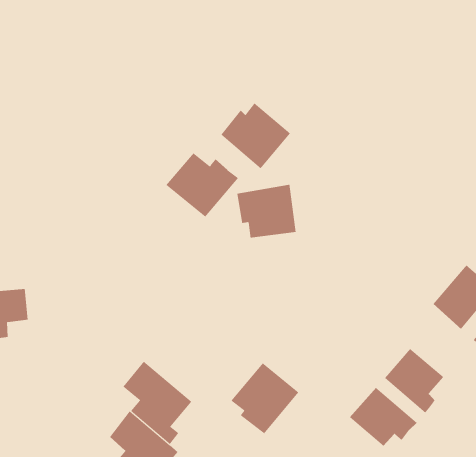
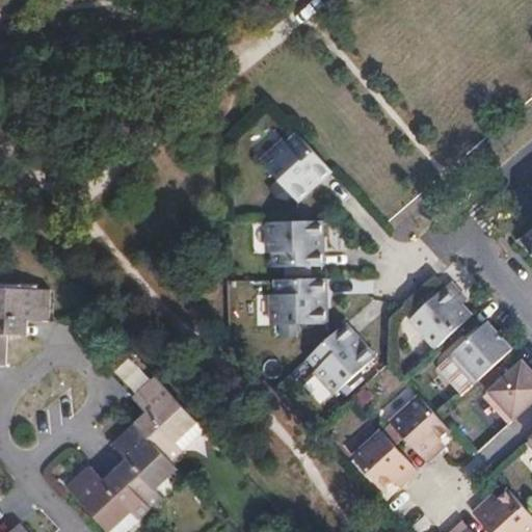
building: [166,152,239,218] -> none
building: none -> [406,283,467,349]
building: none -> [269,278,324,327]
building: [230,363,299,434] -> [307,323,375,394]

